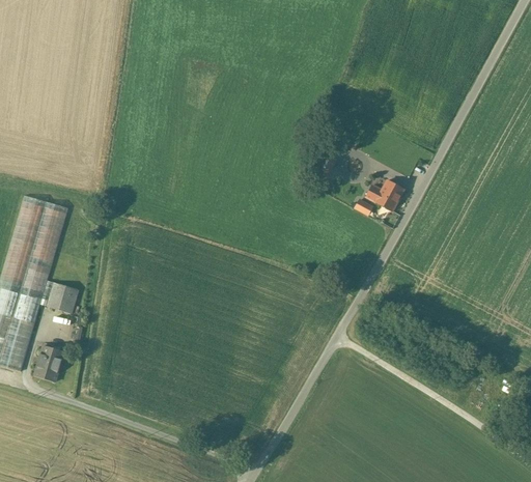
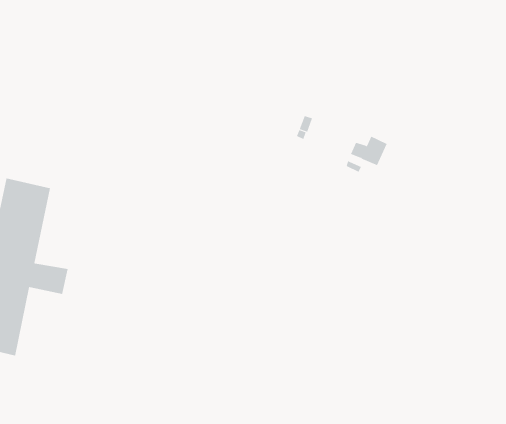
building: [33,345,63,381] -> none

